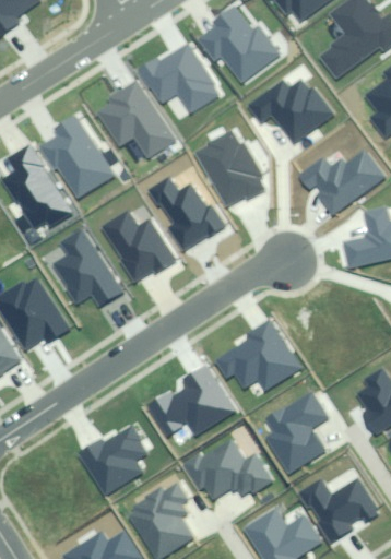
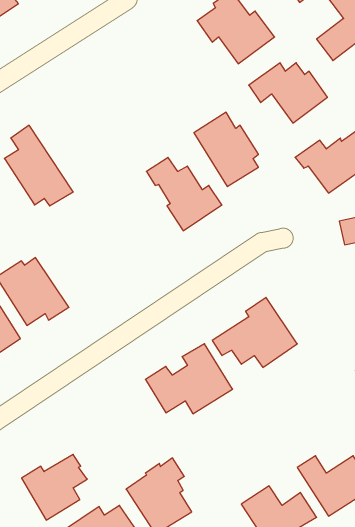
building: [141,43,217,111] -> none
building: [102,81,176,156] -> none
building: [40,116,114,199] -> none
building: [104,211,176,278] -> none
building: [55,230,123,305] -> none
building: [266,393,329,474] -> none
building: [82,427,149,493] -> [22,454,87,520]
building: [187,441,272,498] -> none

